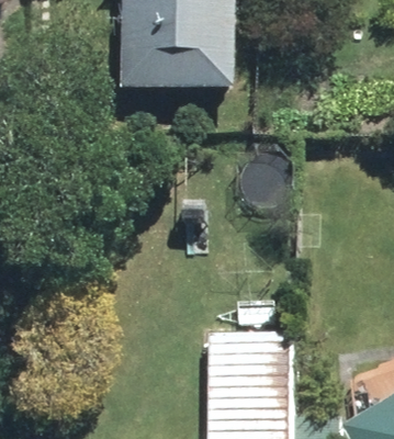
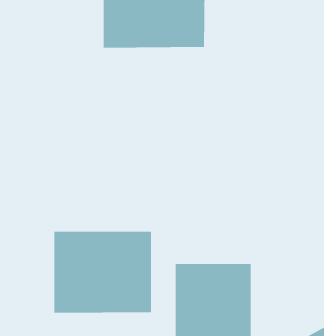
building: none -> [54,231,151,314]

